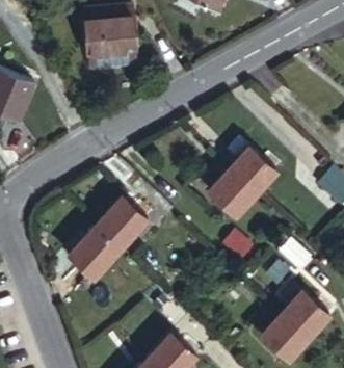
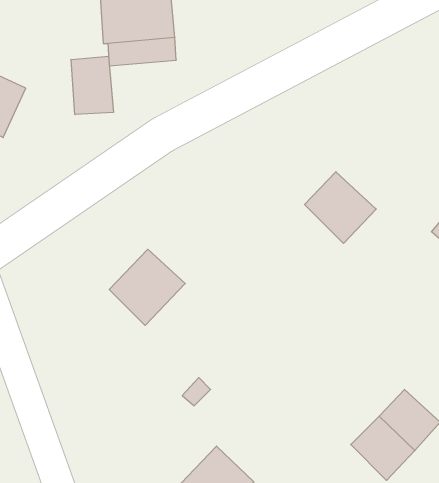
building: none -> [71,56,113,115]
building: [208,167,256,216] -> none
building: [65,227,117,280] -> none

